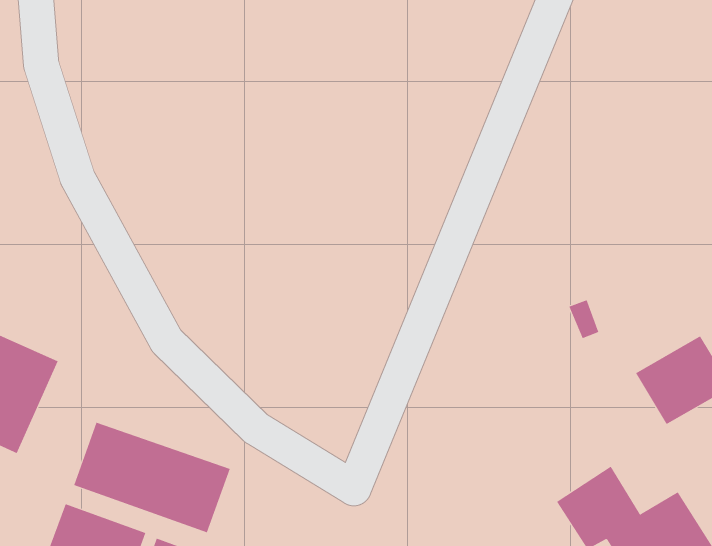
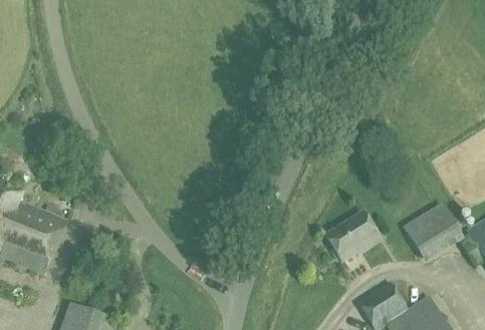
building: none -> [325,212,381,261]
building: [74,422,231,533] -> none

